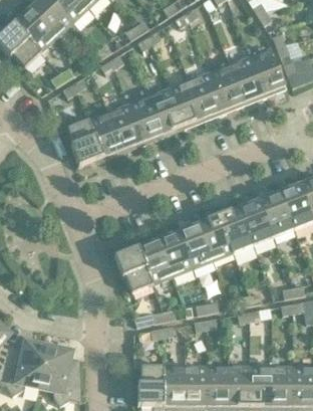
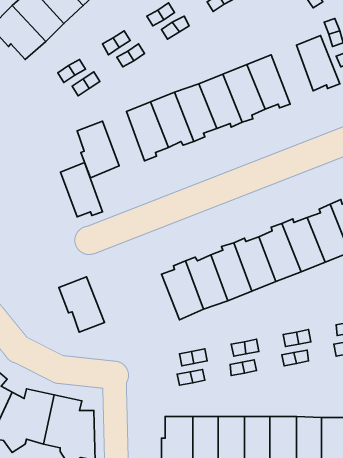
building: [229,55,264,105] -> none
building: [88,111,123,156] -> [60,162,103,217]
building: [114,246,152,292] -> [59,277,105,332]

